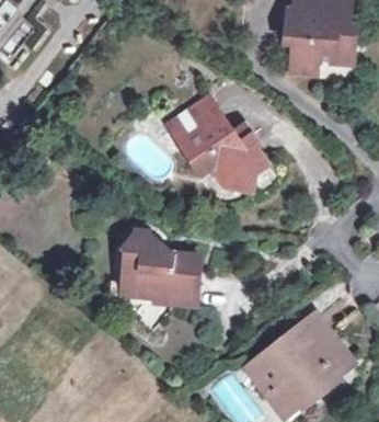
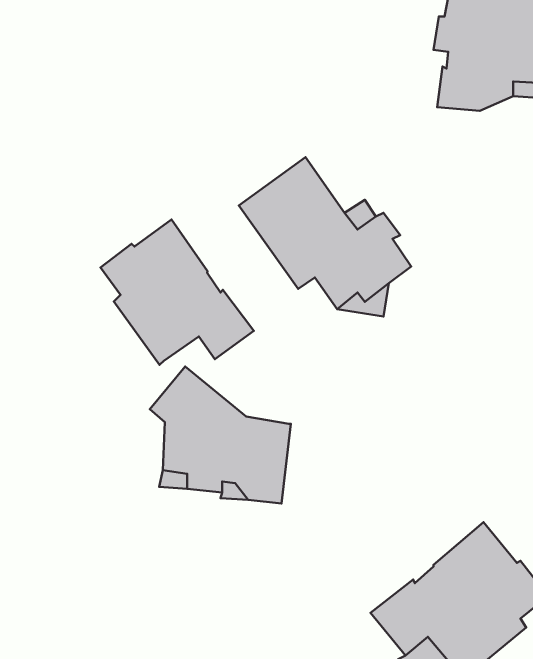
building: none -> [100,220,254,365]

